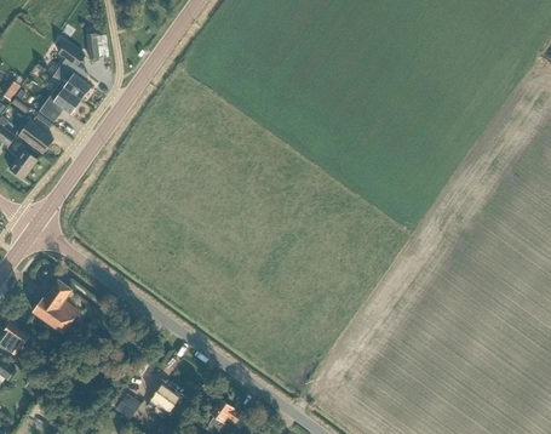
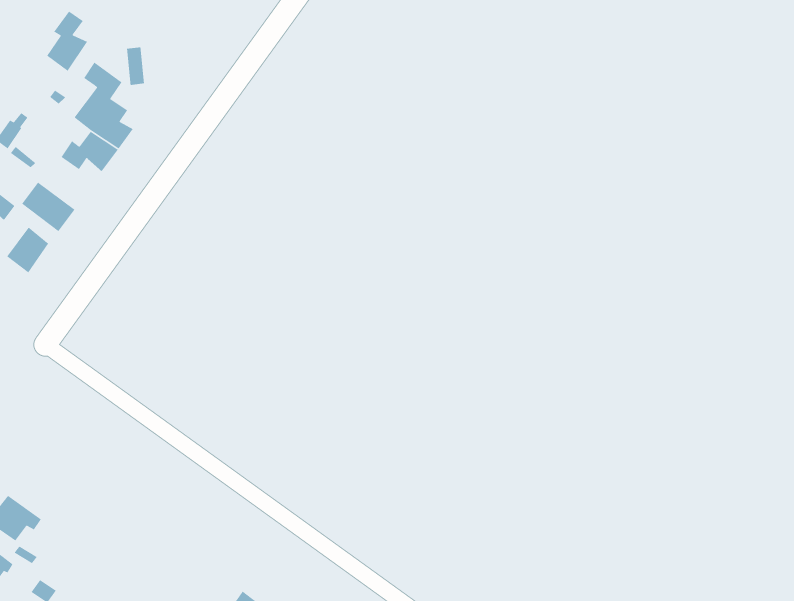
building: none -> [46,11,88,72]
building: [31,279,88,336] -> none

